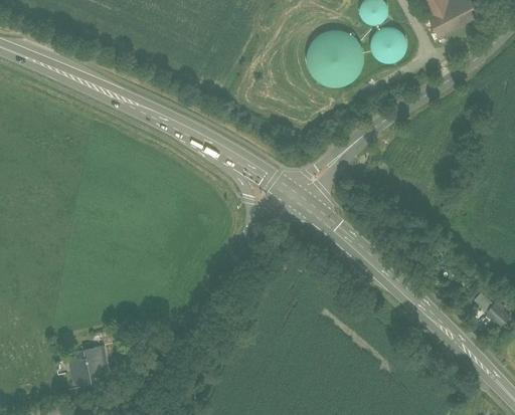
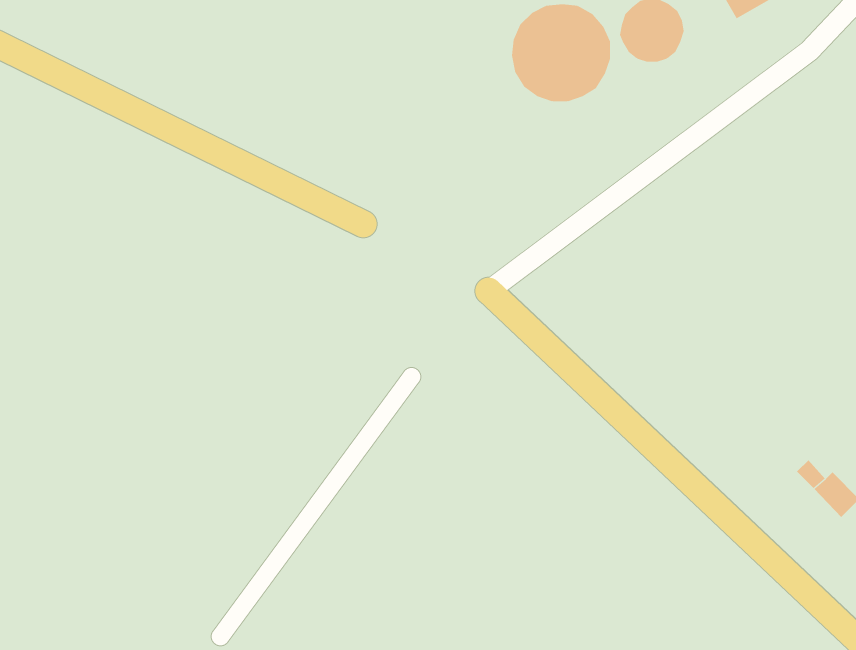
building: [71,346,115,388] -> none

